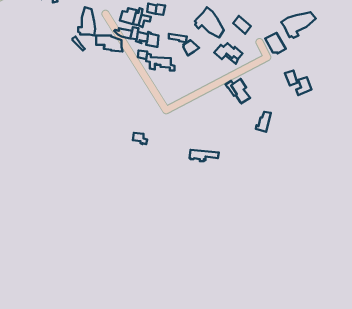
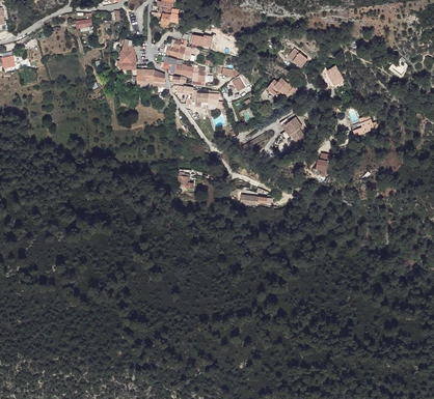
building: [195,7,224,37] -> none
building: [281,12,316,38] -> none

